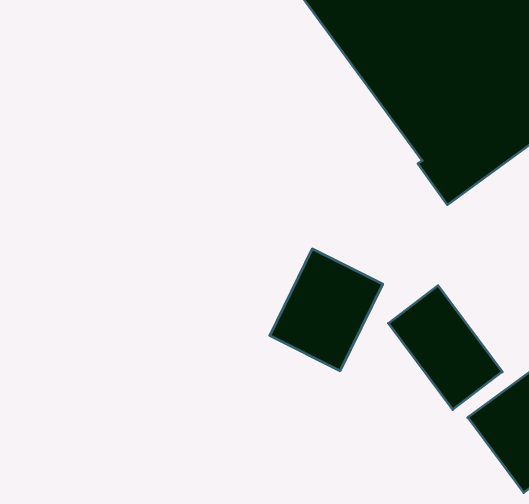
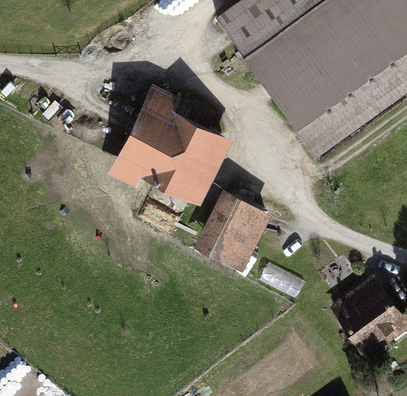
building: none -> [106,83,232,205]
building: [388,286,502,410] -> none

